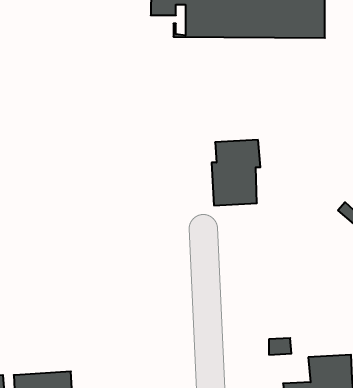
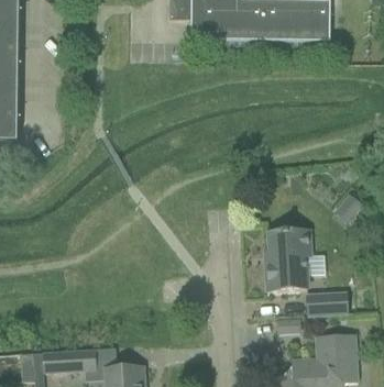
building: [212,140,260,205] -> [265,230,310,290]
building: none -> [307,291,349,314]

